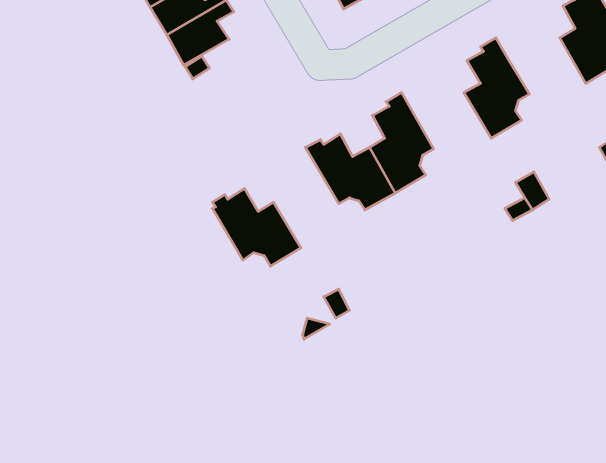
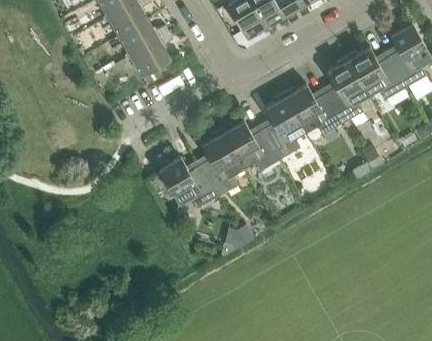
building: none -> [346,48,406,99]
building: none -> [284,85,343,135]
building: none -> [199,130,243,197]

